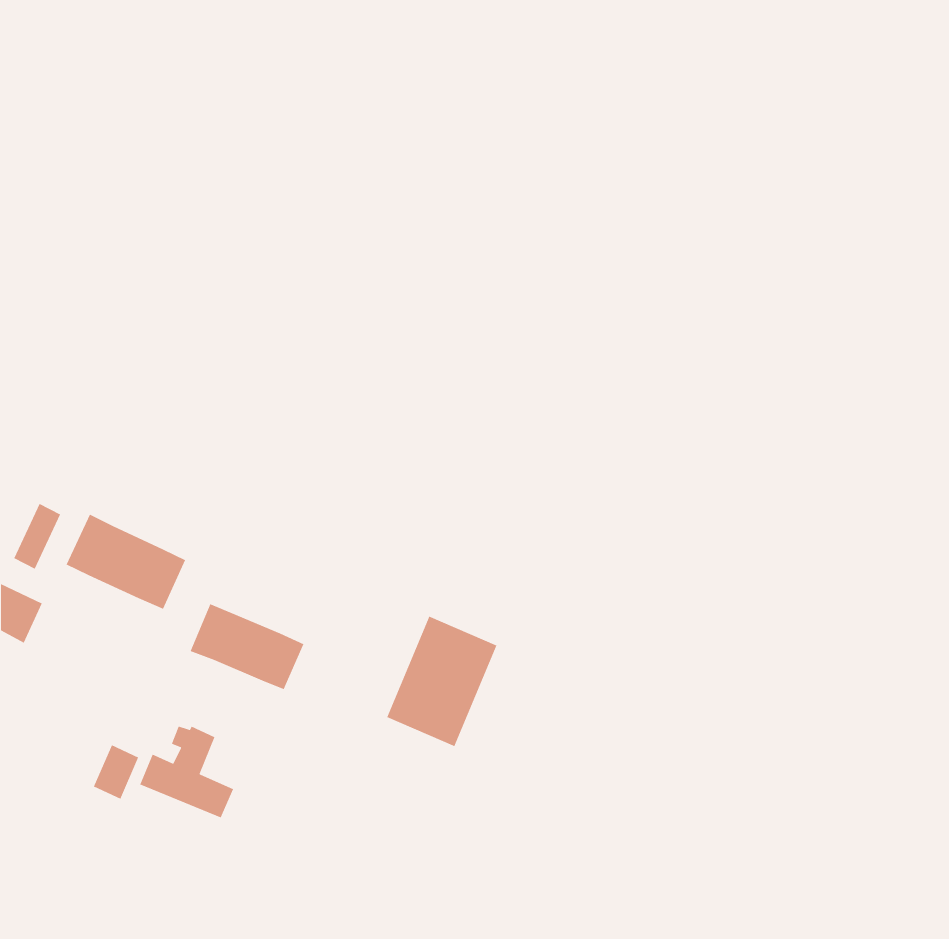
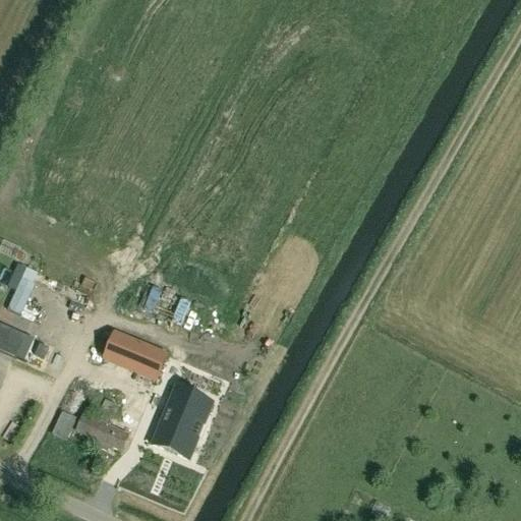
building: [65,513,186,610] -> none
building: [386,615,498,747] -> [152,386,213,458]

